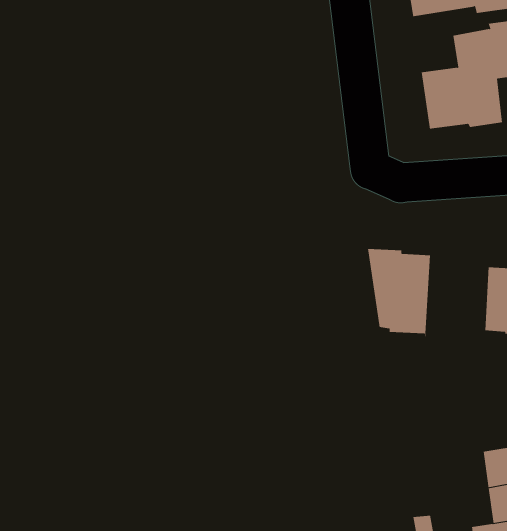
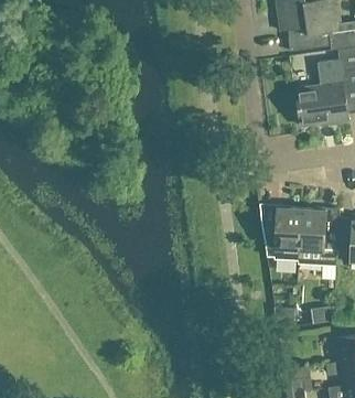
building: none -> [299,207,340,266]

